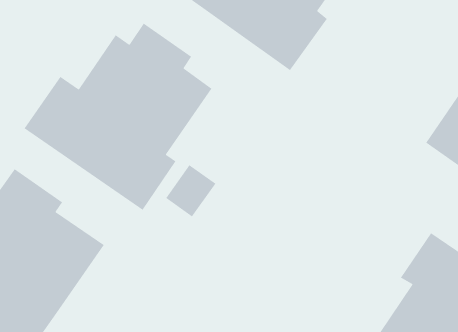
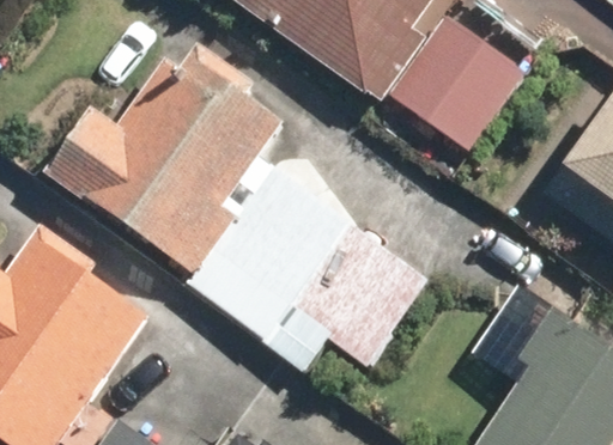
building: none -> [393,20,526,152]
building: none -> [286,220,431,365]

